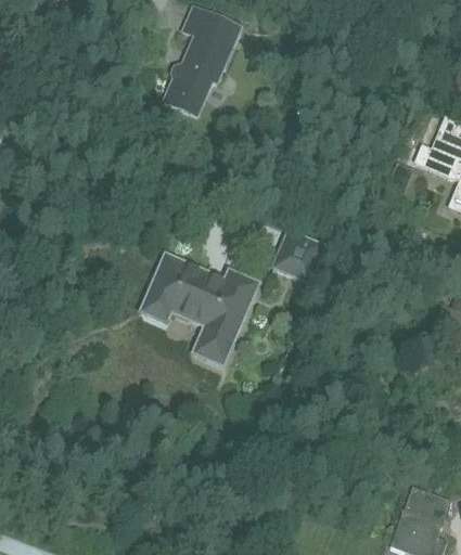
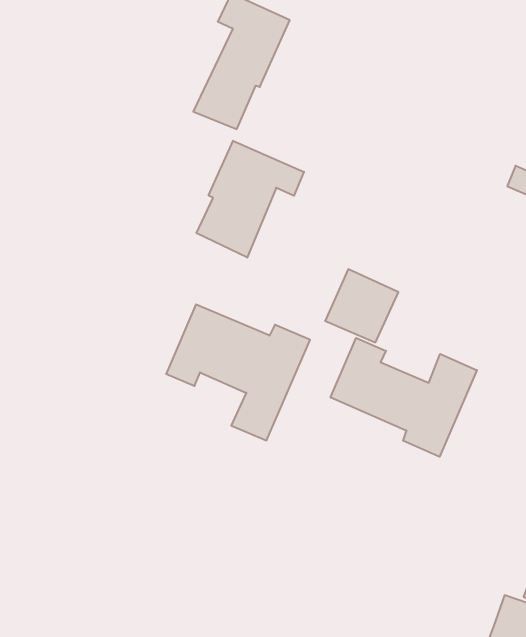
building: none -> [197,141,304,258]
building: none -> [331,338,477,457]

